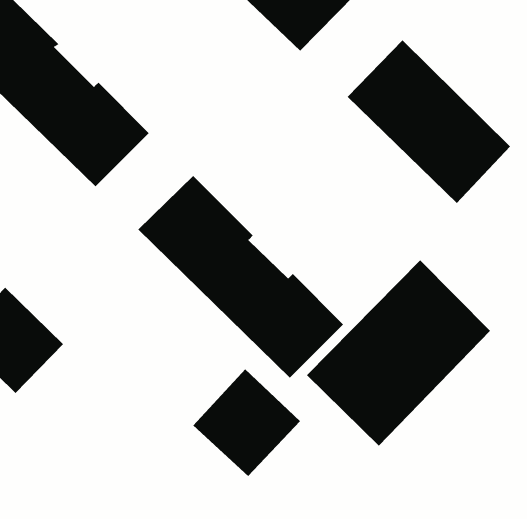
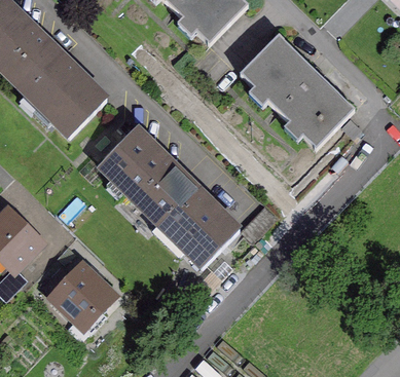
building: [306,259,491,447] -> none
building: [193,368,301,477] -> [46,259,120,333]

